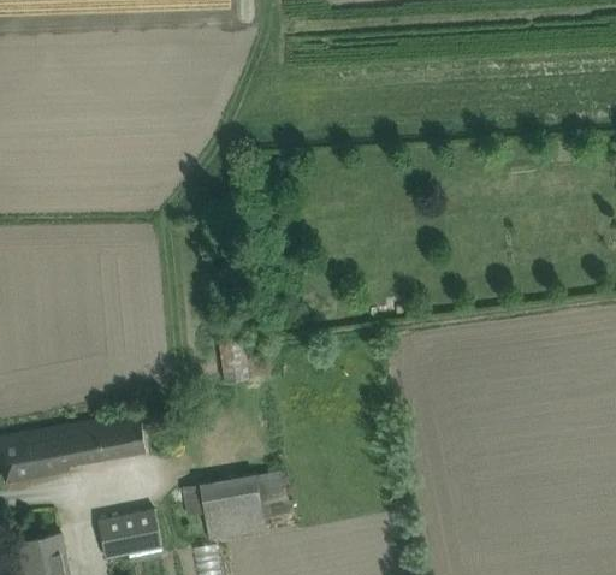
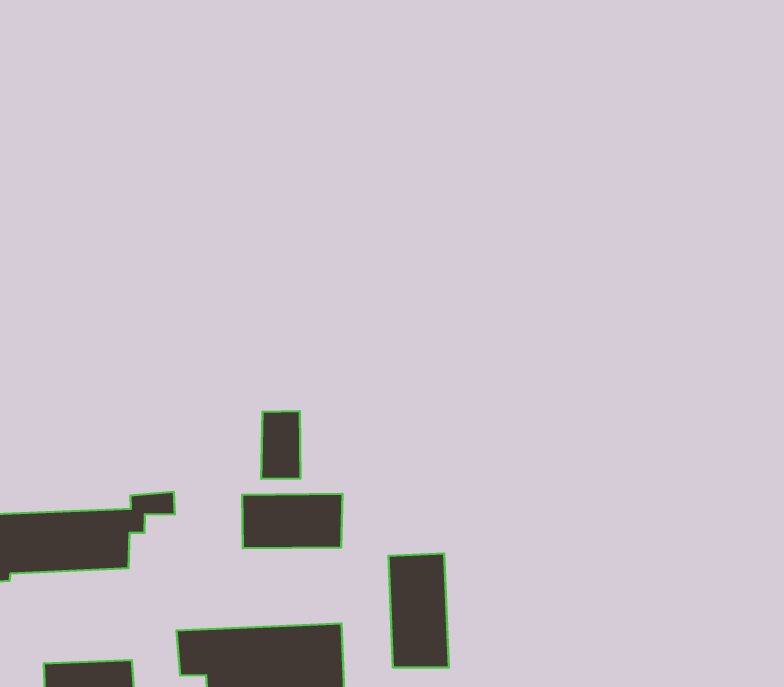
building: none -> [242,494,343,548]
building: none -> [389,553,449,668]

